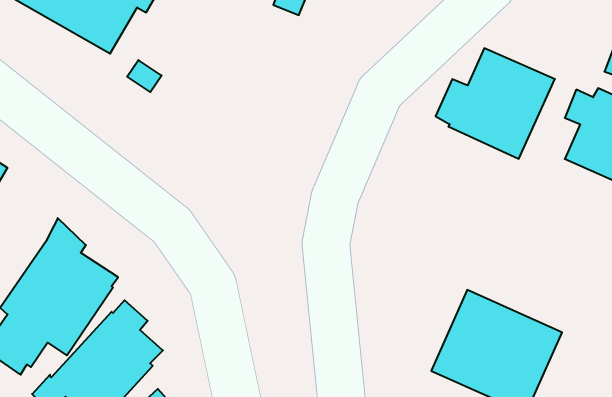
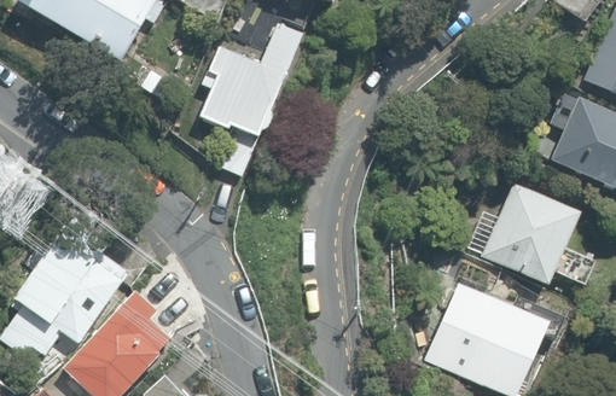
building: none -> [201,23,303,175]
building: [436,48,555,159] -> [469,182,581,286]

